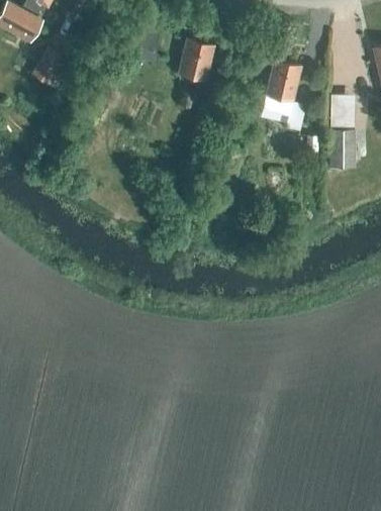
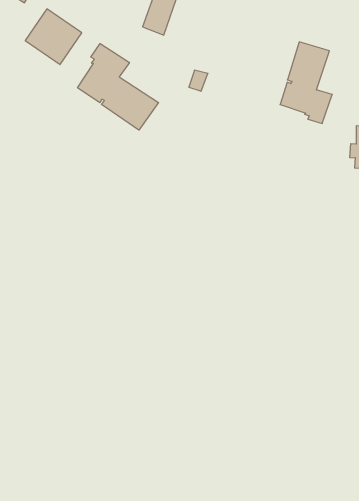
building: [179,39,214,81] -> none
building: none -> [78,44,158,130]

